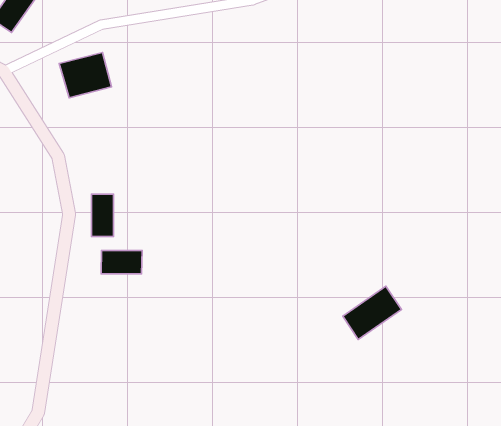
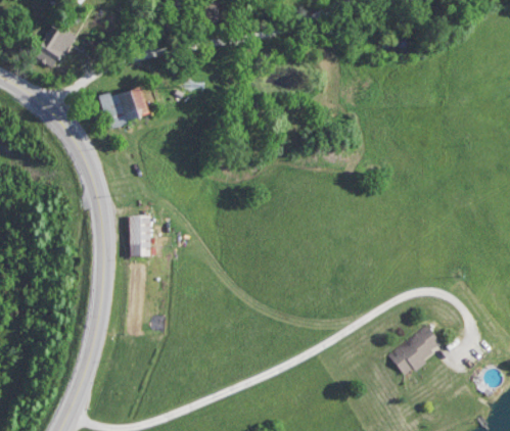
building: [101,251,142,274] -> none
building: [343,286,401,339] -> [391,327,446,376]

